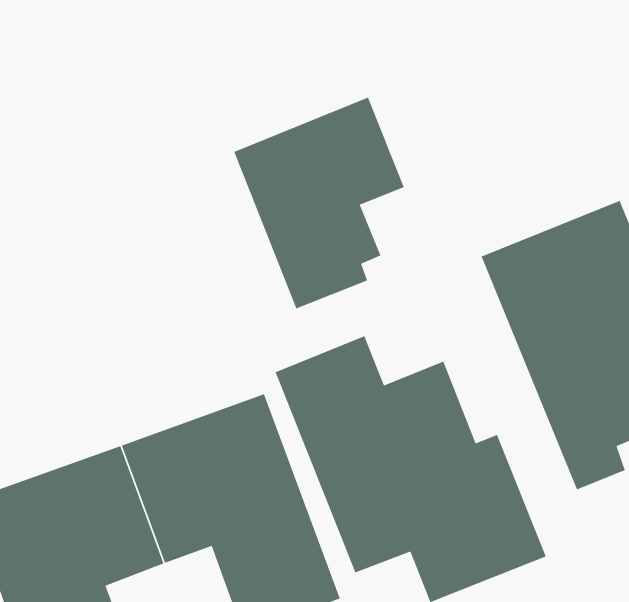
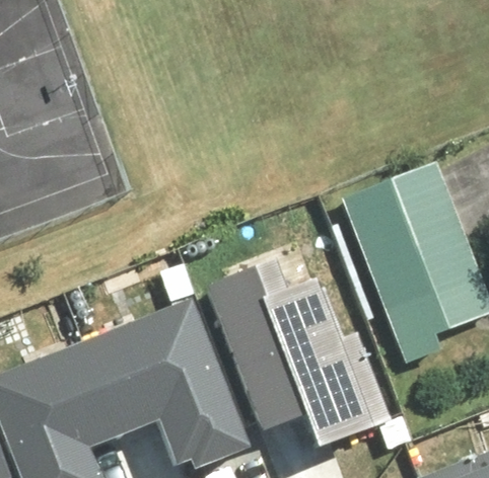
building: [233,97,405,309] -> none

